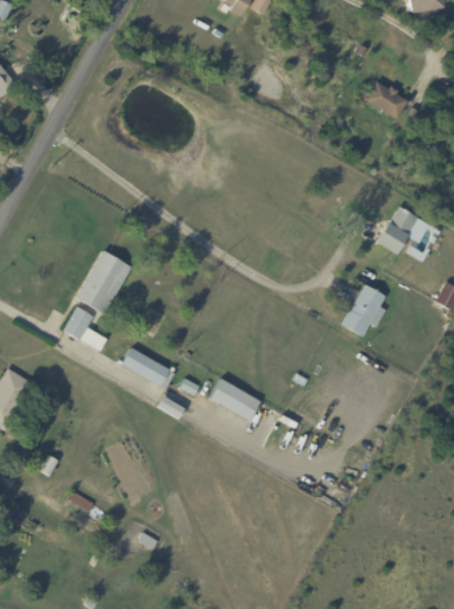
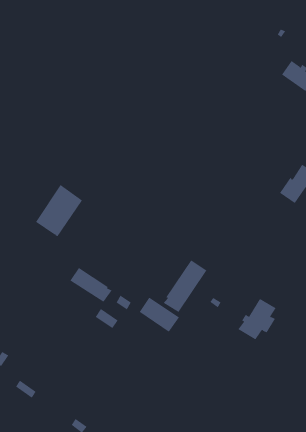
building: [340,284,385,335] -> [238,298,277,340]
building: [64,308,94,341] -> none
building: none -> [163,259,207,313]

